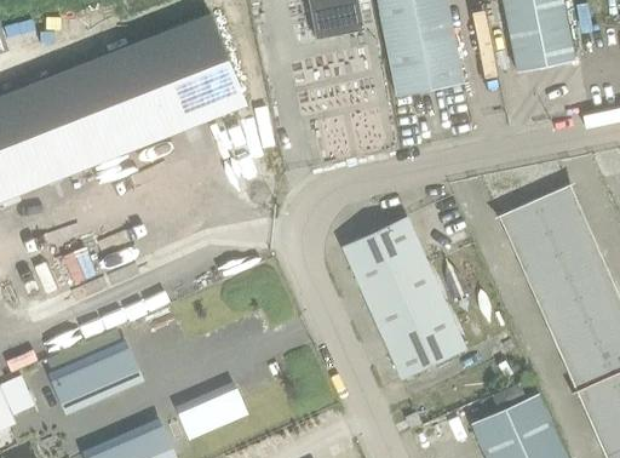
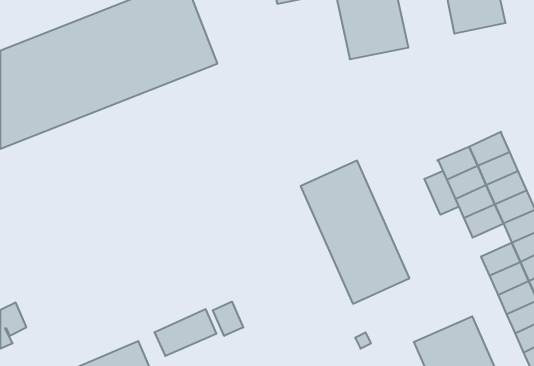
building: none -> [424,171,459,215]
building: [538,288,582,326] -> none
building: [47,331,140,412] -> none
building: none -> [213,302,243,336]

